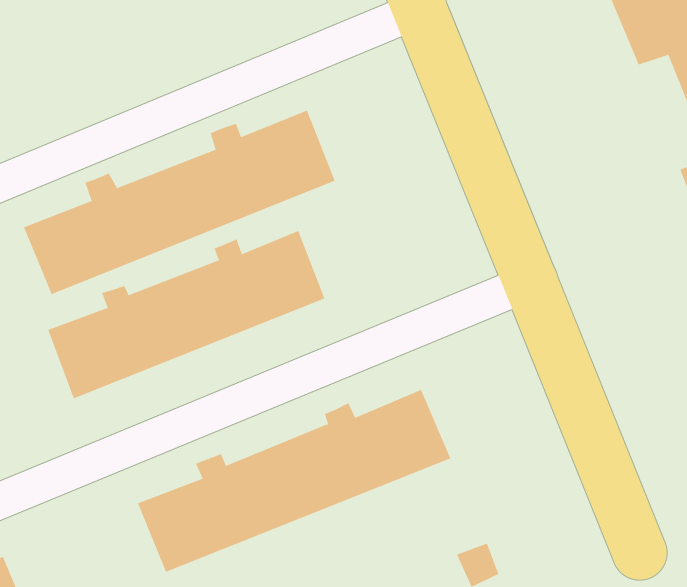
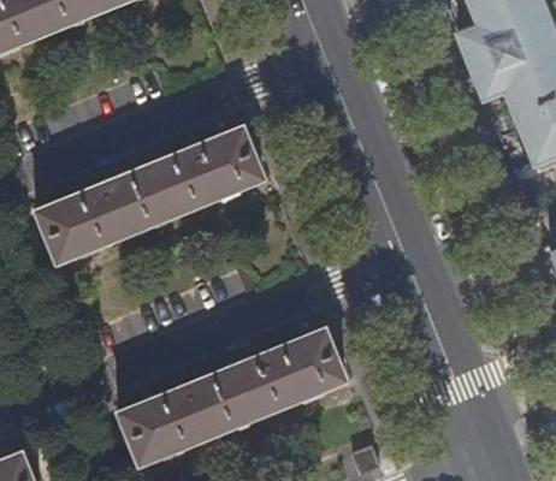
building: [48,230,325,399] -> none

